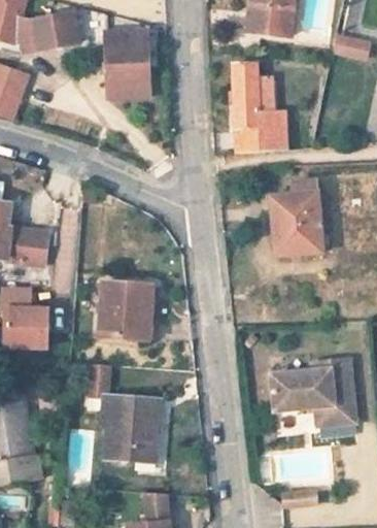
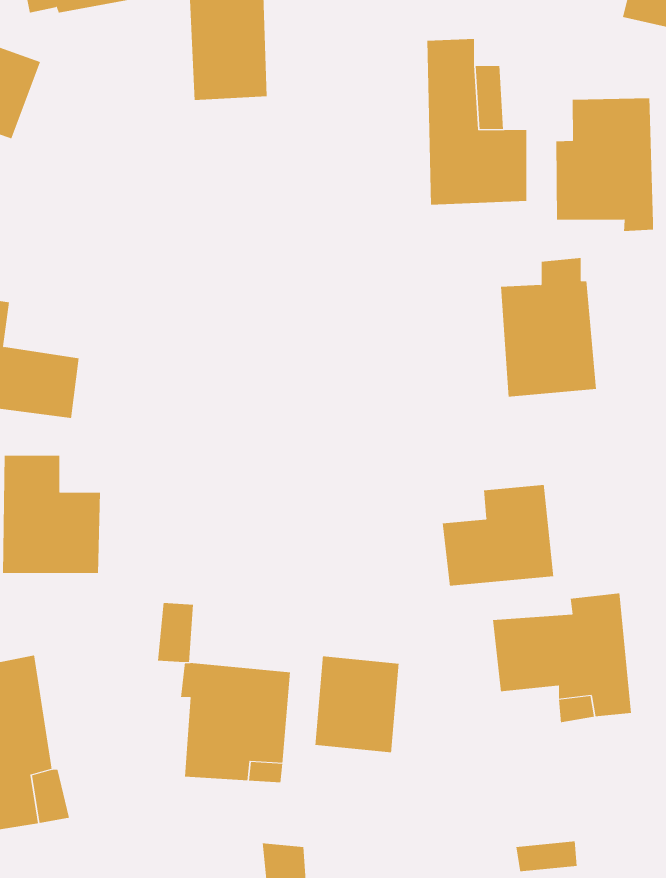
building: none -> [556,97,654,232]
building: [99,282,152,339] -> none
building: none -> [442,484,554,587]
building: none -> [315,655,399,753]

